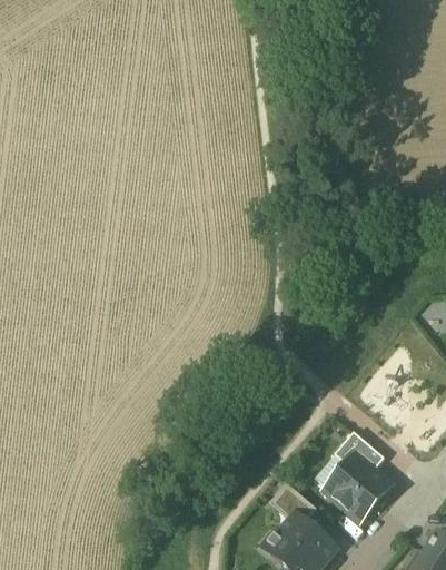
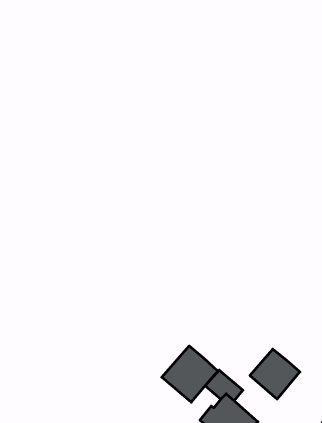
building: [334,434,383,473] -> none
building: none -> [162,346,218,402]

